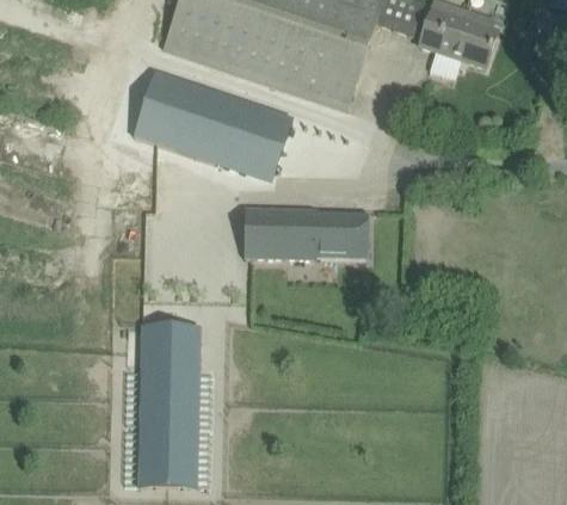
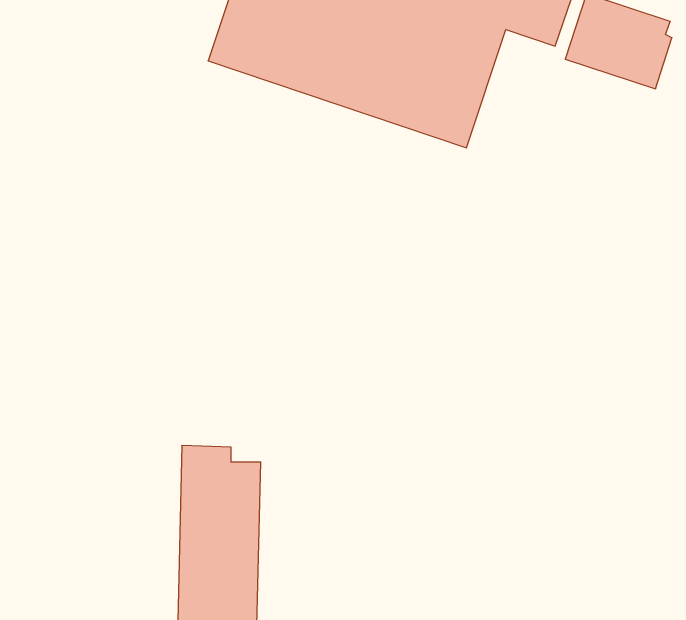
building: [134,72,292,172] -> none
building: [244,209,368,259] -> none

